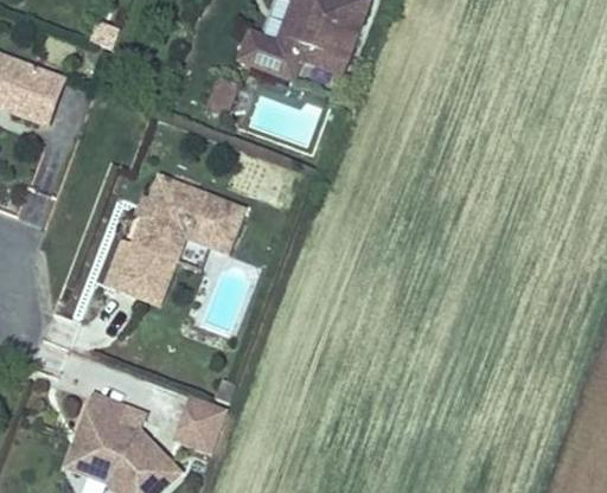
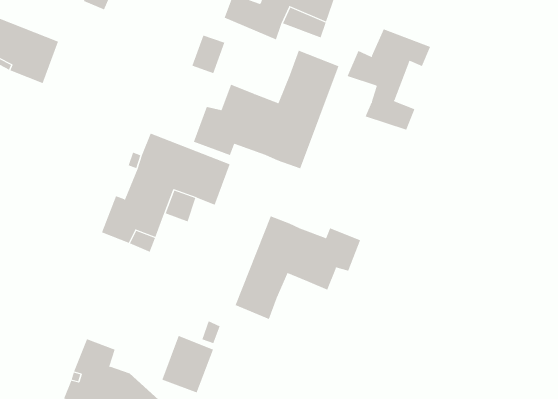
building: none -> [347,28,431,131]
building: none -> [193,50,339,169]
building: none -> [235,216,361,320]

